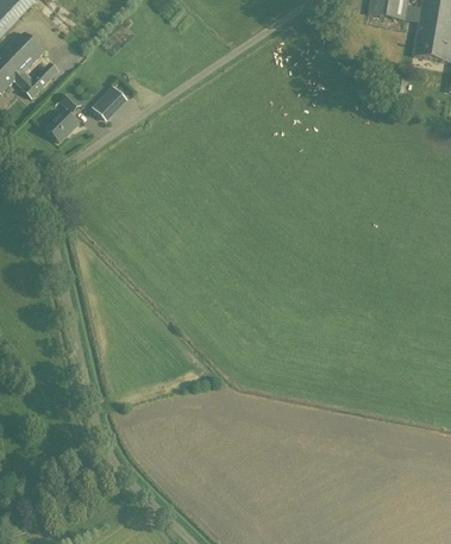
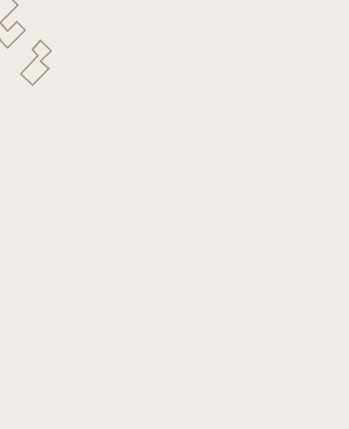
building: [92,85,126,119] -> none

